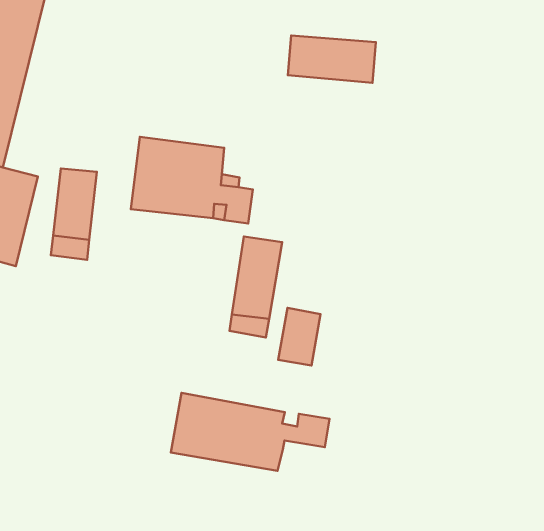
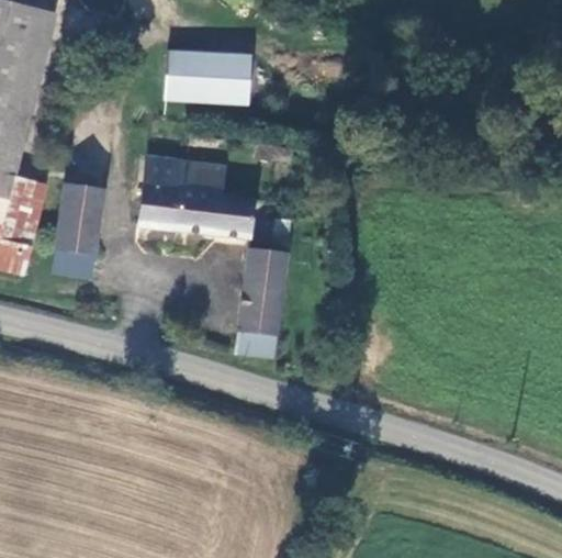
building: [288,36,376,83] -> [166,57,254,104]
building: [278,308,320,366] -> none
building: [171,393,329,471] -> none

